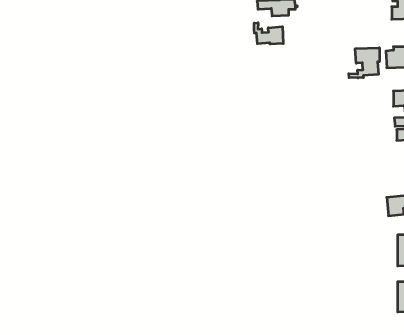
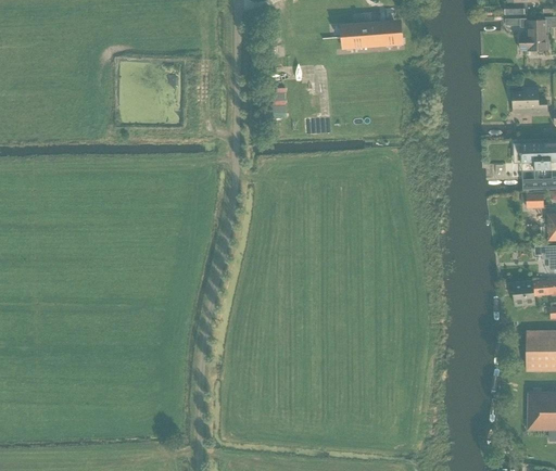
building: [254,23,283,44] -> none
building: [349,48,379,78] -> none

